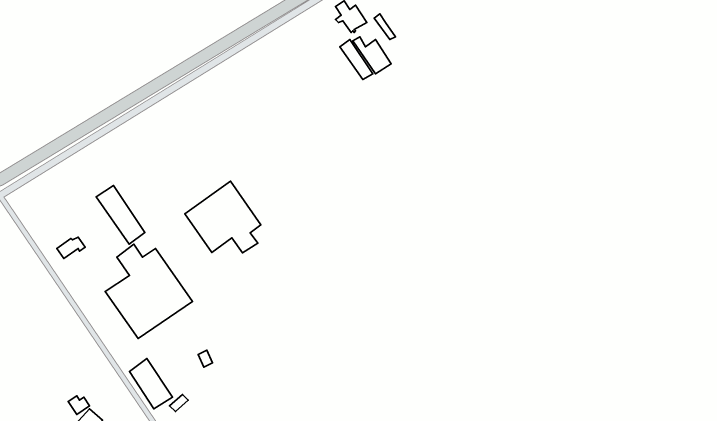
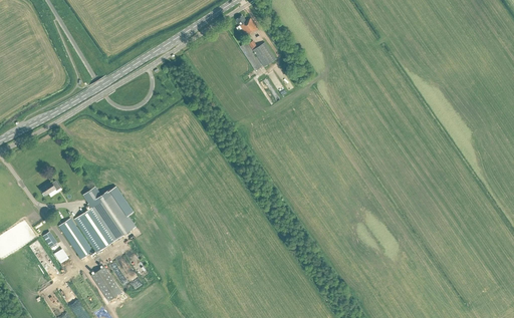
building: [185,181,261,253] -> none
building: [96,185,145,244] -> [59,218,93,259]

